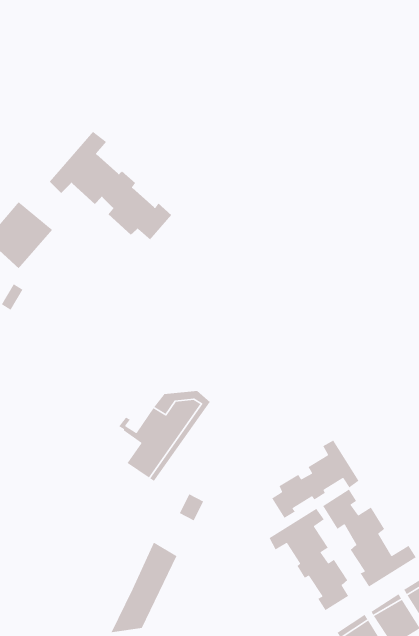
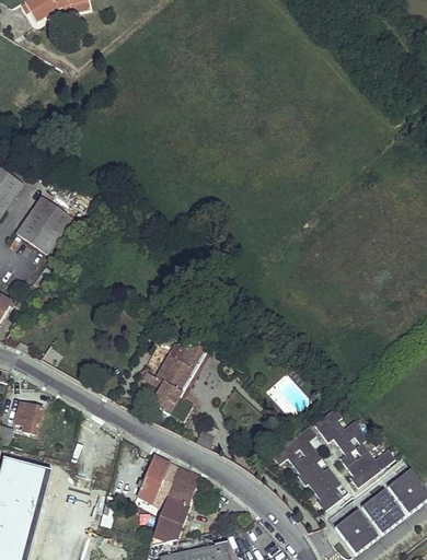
building: [49,131,172,240] -> none
building: [271,440,360,519] -> none
building: none -> [136,454,177,506]

